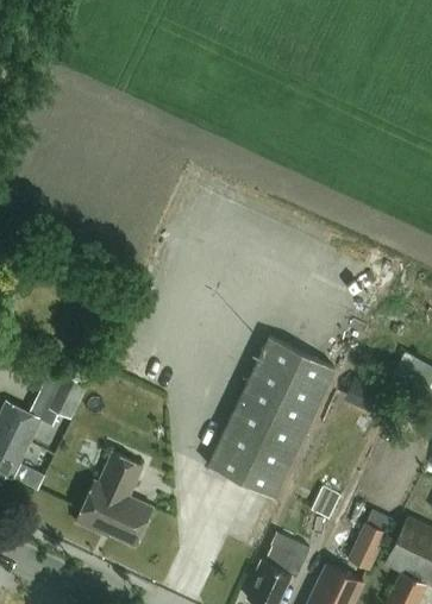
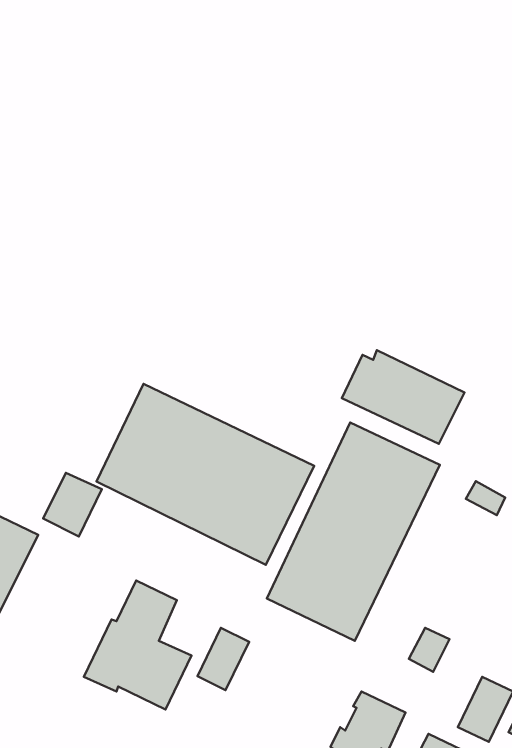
building: none -> [342,350,464,444]
building: none -> [96,384,314,565]
building: none -> [197,628,249,690]

